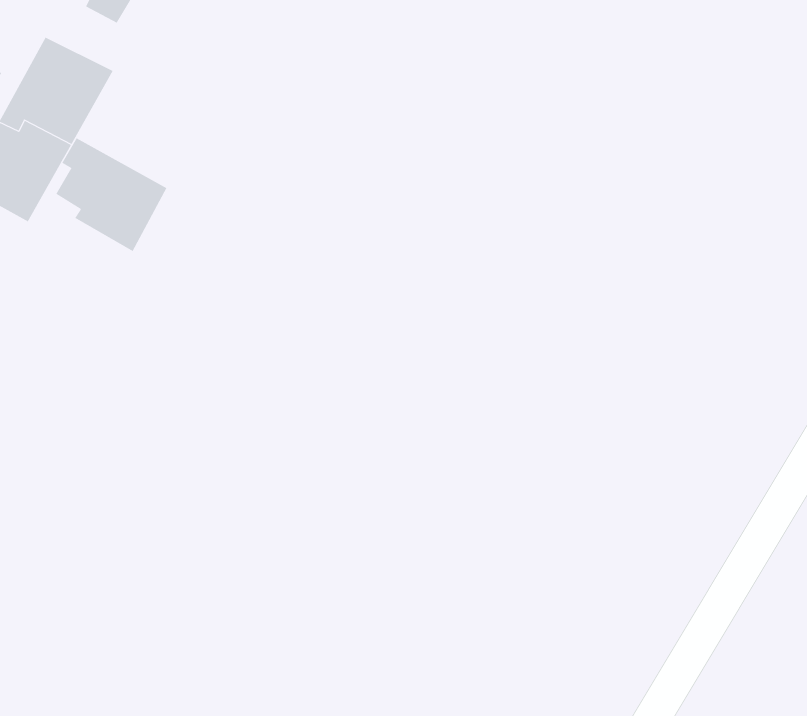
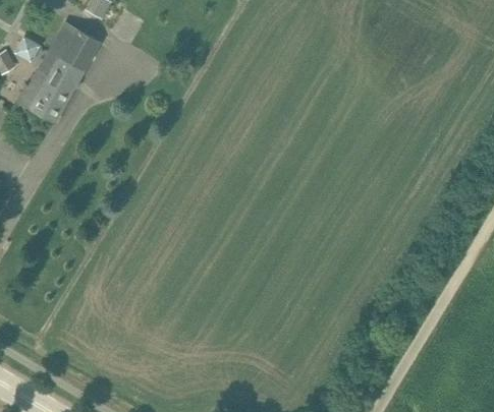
building: [56,138,167,252] -> none

